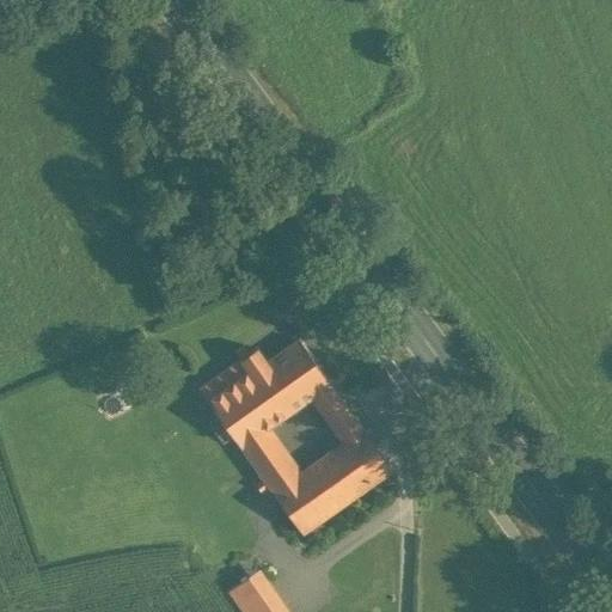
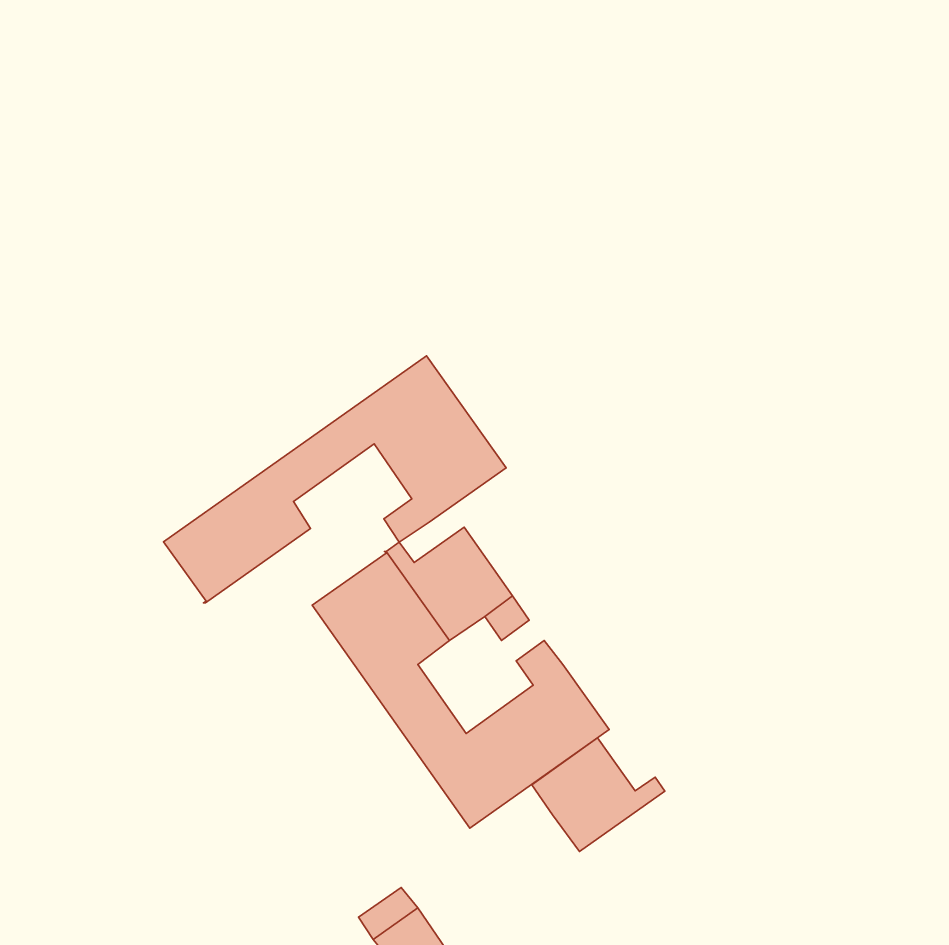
building: none -> [164,356,506,603]
building: none -> [532,738,665,852]

